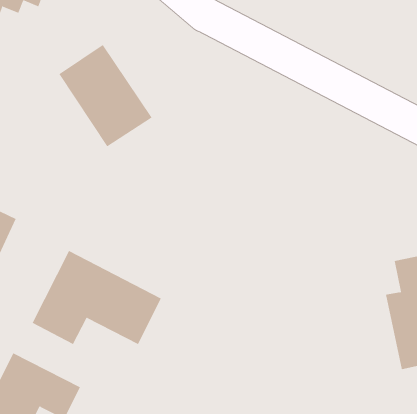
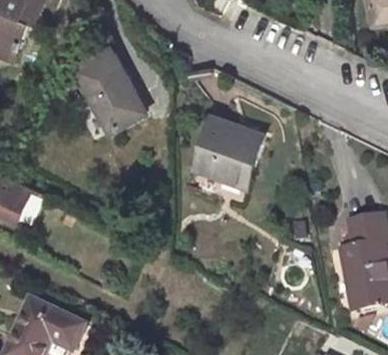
building: none -> [187,120,258,192]
building: [32,250,161,345] -> none

